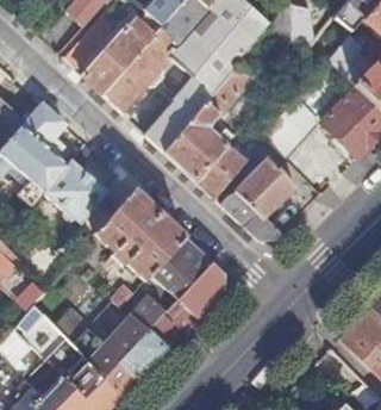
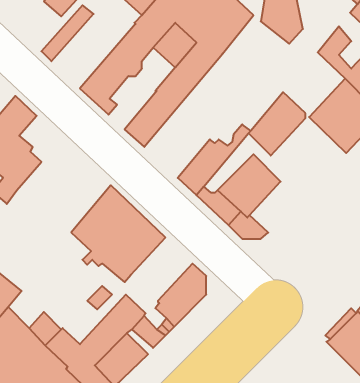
building: [83,20,156,95] -> none
building: [164,62,254,181] -> none
building: [42,161,106,223] -> none
building: [151,238,211,299] -> none

